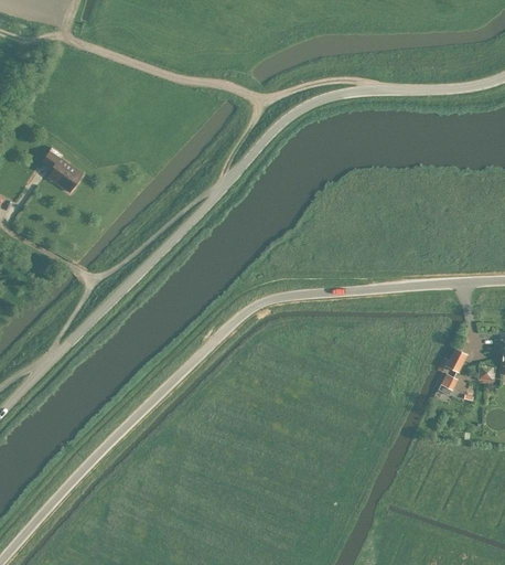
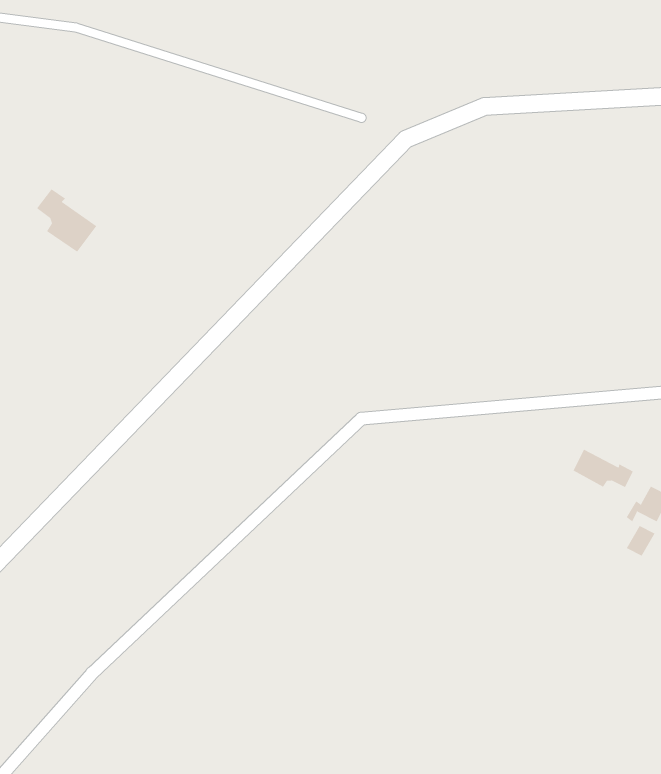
building: none -> [573,449,634,488]

